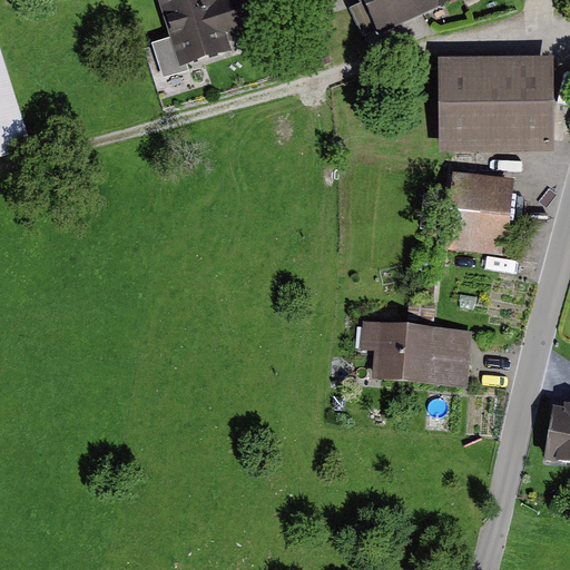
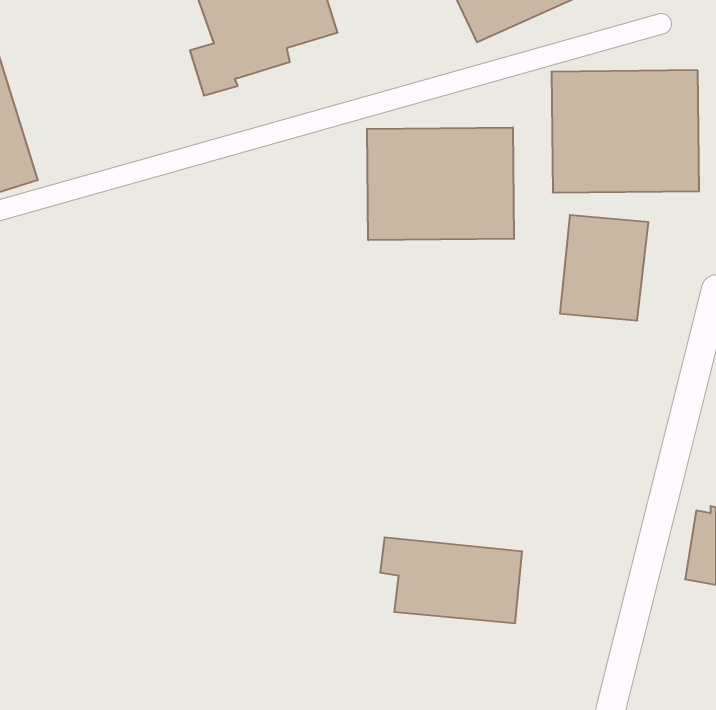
building: none -> [367,127,514,240]
building: [358,318,471,386] -> [380,537,522,623]

